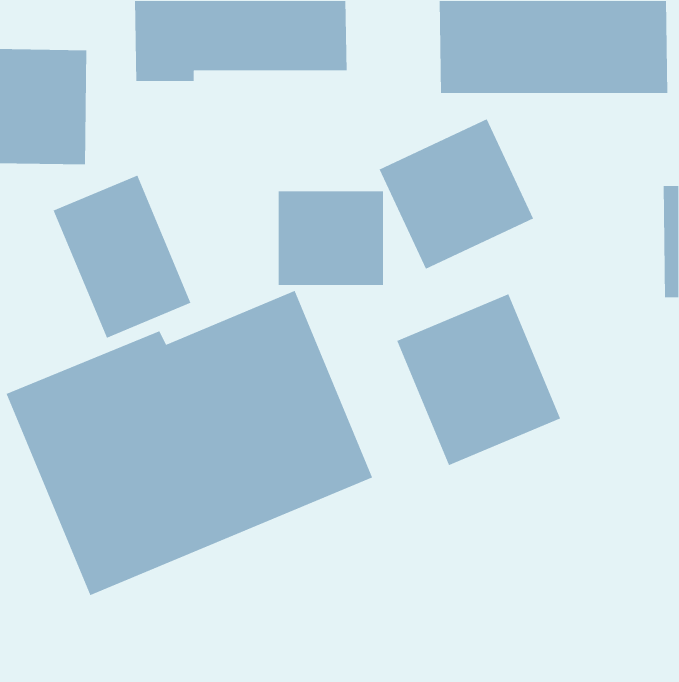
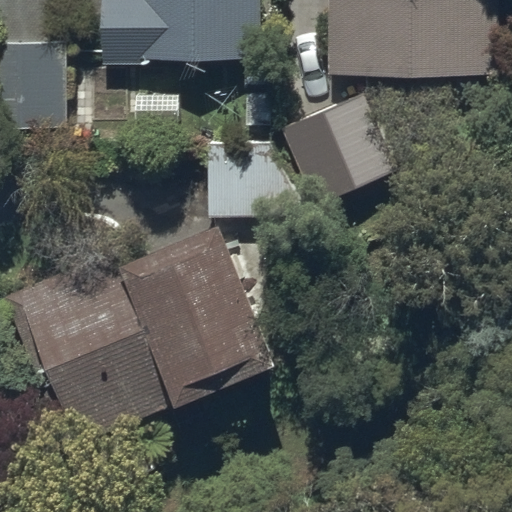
building: [53,175,192,339] -> none
building: [396,293,561,466] -> none

